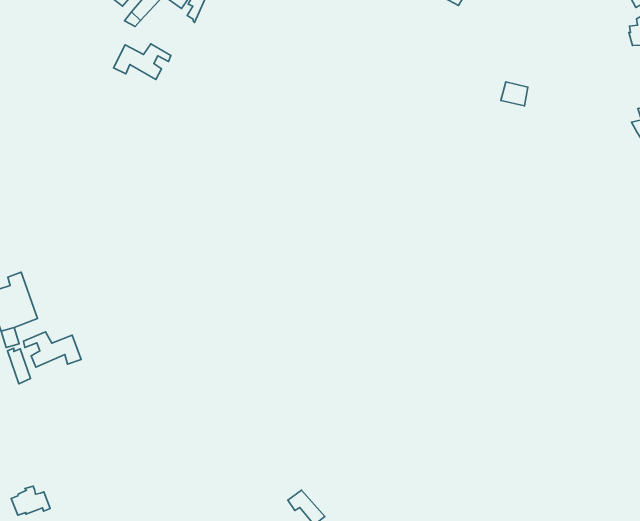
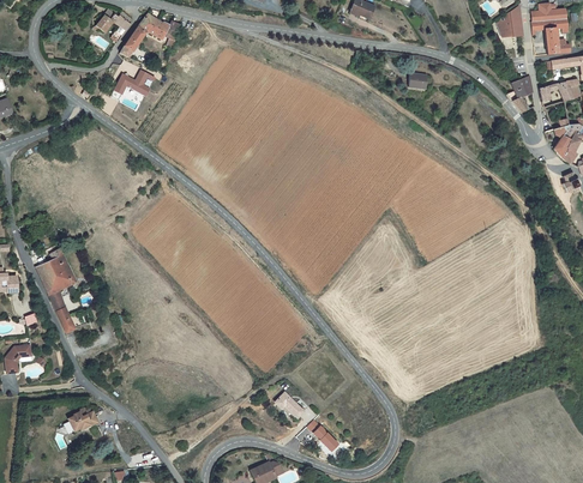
building: [24,332,81,367] -> none

